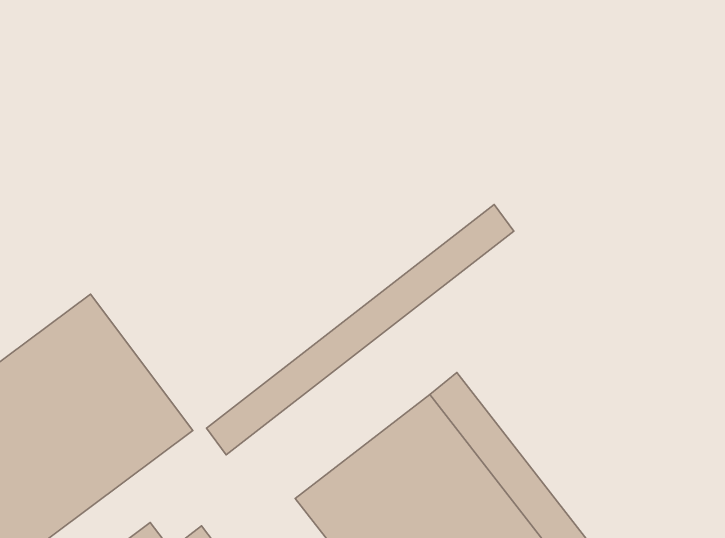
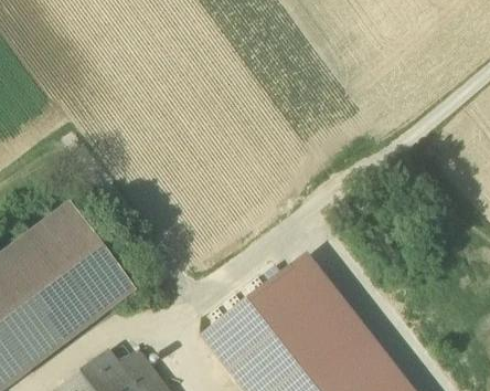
building: [206,205,514,455] -> none

